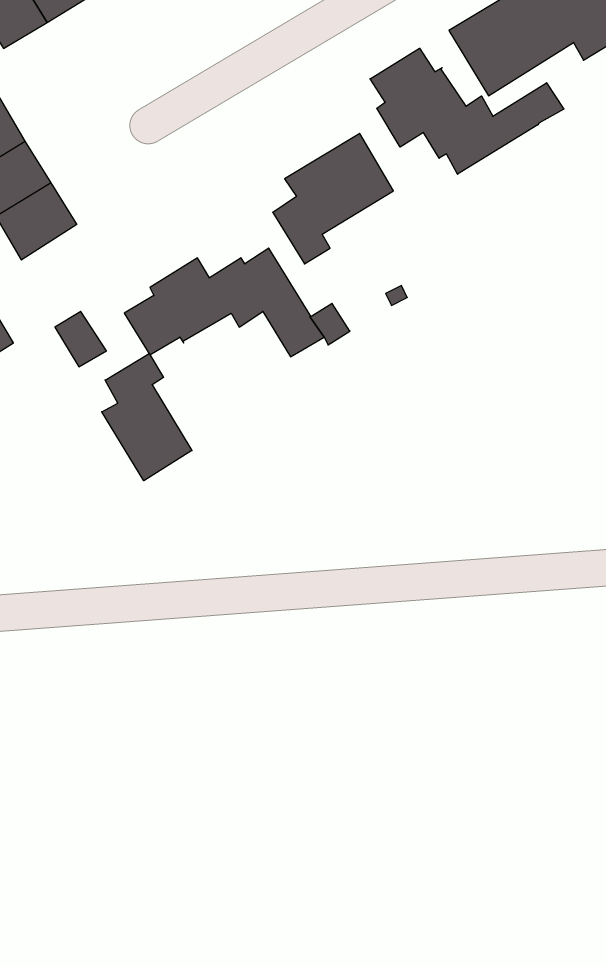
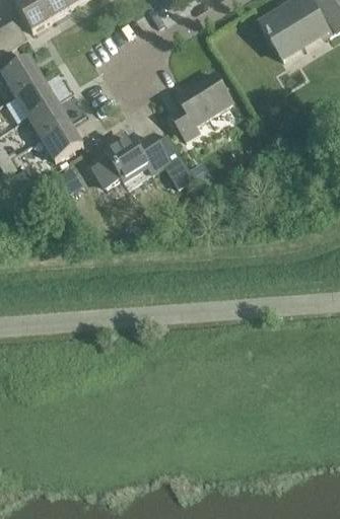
building: [370,48,564,174] -> none
building: none -> [40,121,82,161]
building: [102,354,192,481] -> none

